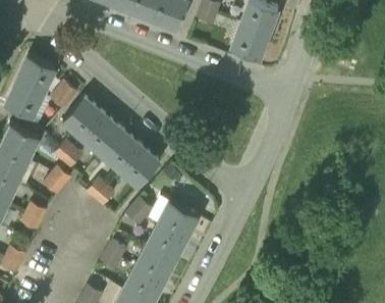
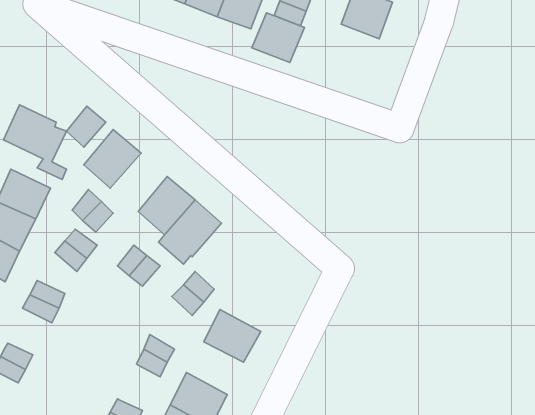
building: [232,23,269,58] -> [252,13,305,62]
building: [18,55,55,92] -> none
building: [81,113,121,154] -> none
building: [158,201,198,238] -> none
building: [134,245,174,282] -> none

